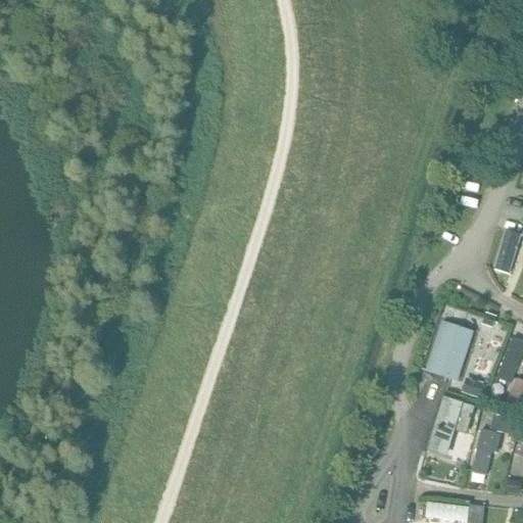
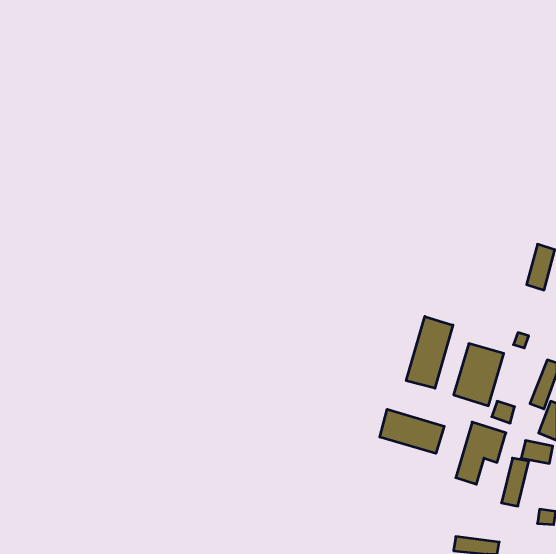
building: none -> [406,316,453,388]
building: none -> [380,409,444,453]

